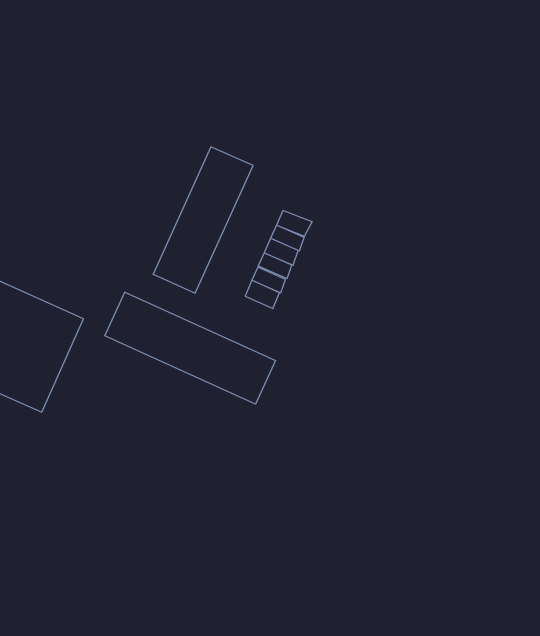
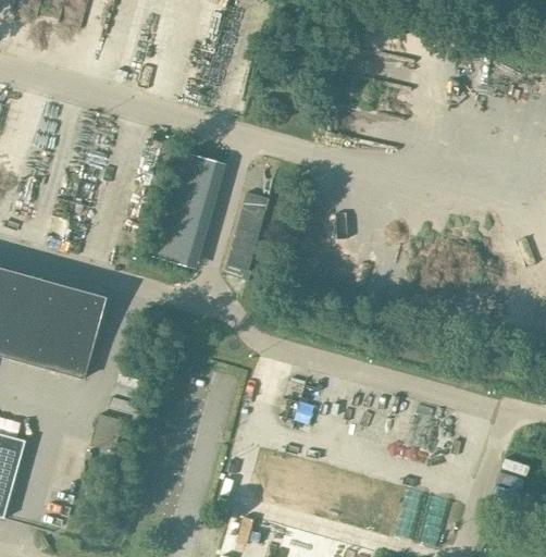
building: [105,292,276,404] -> none

